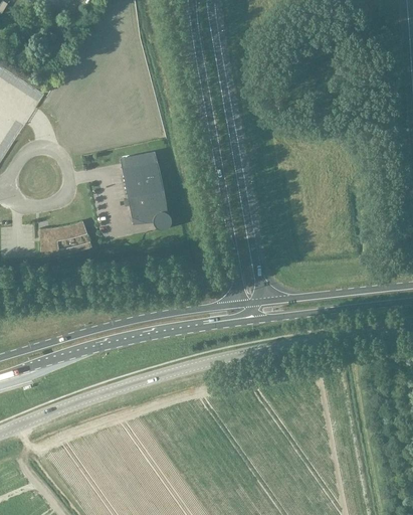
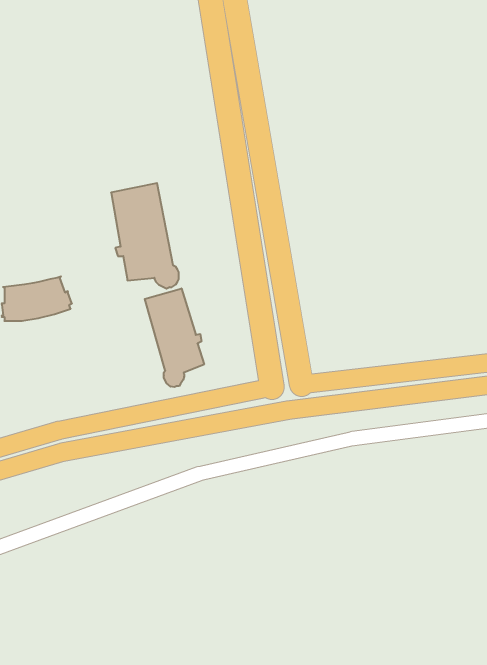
building: none -> [145,288,204,387]

